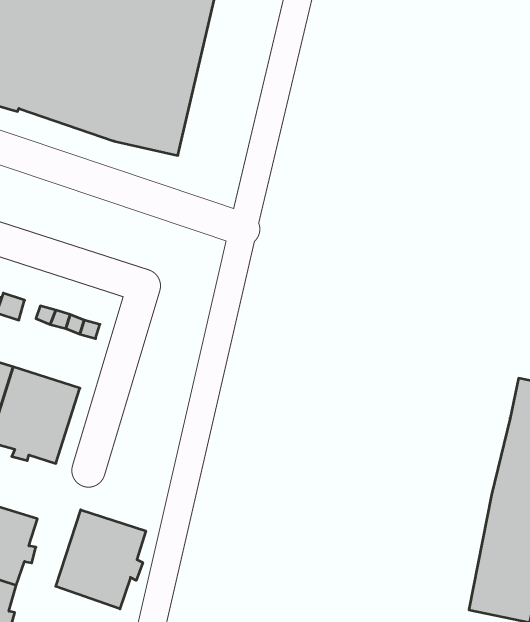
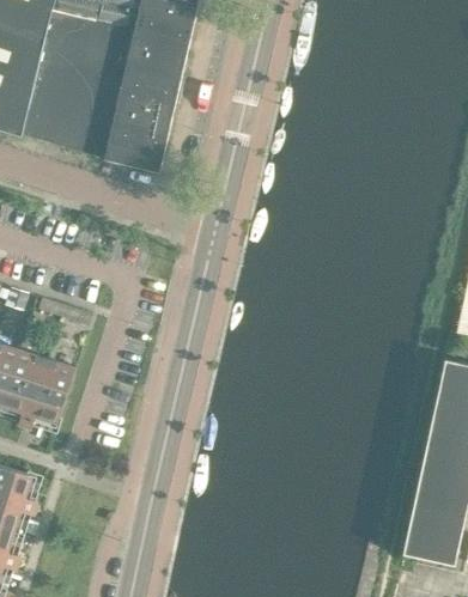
building: [56,510,146,609] -> none

